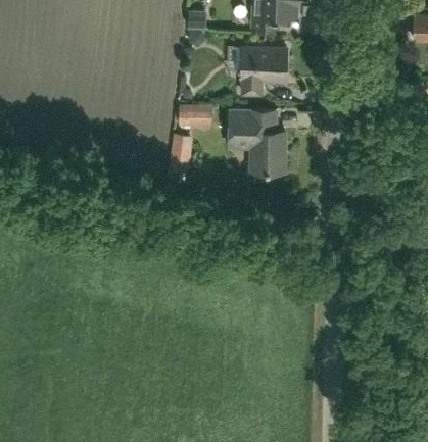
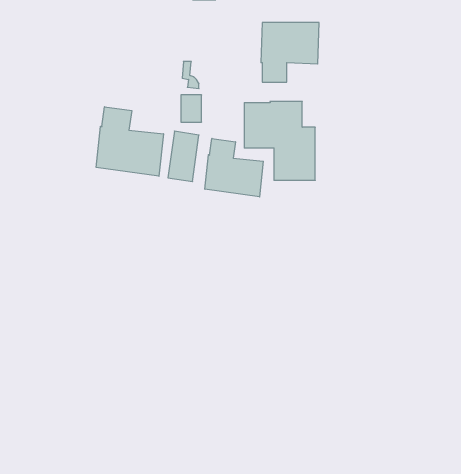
building: none -> [96,107,163,176]
building: none -> [205,138,263,197]

